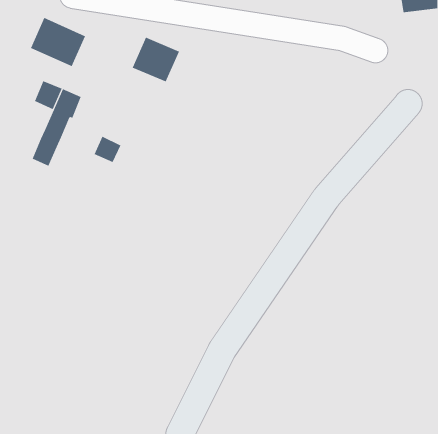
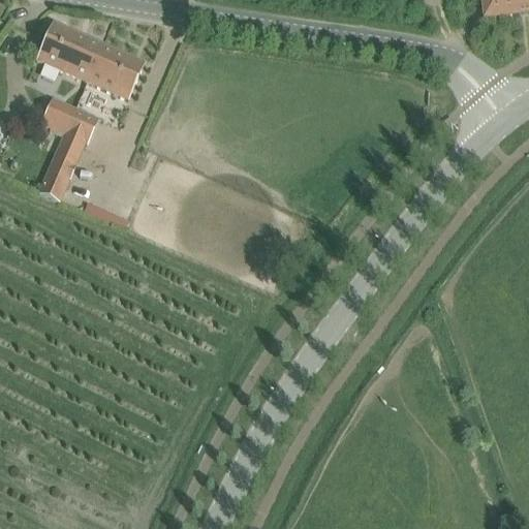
building: [132,37,180,82] -> [87,43,145,98]
building: [94,136,121,163] -> none

